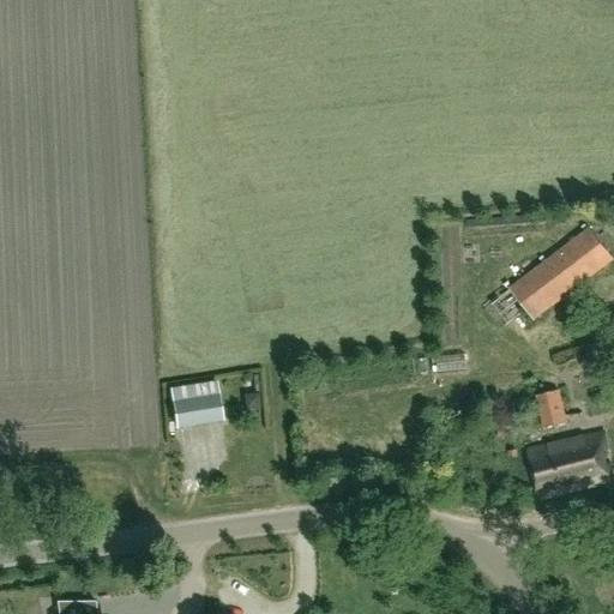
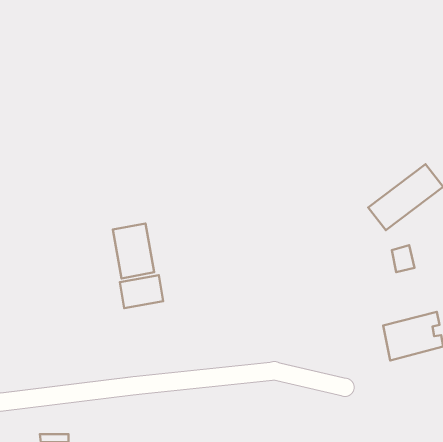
building: none -> [113,223,154,278]
building: [535,387,566,425] -> [392,245,415,272]

